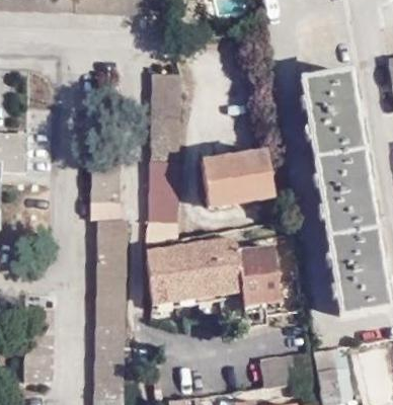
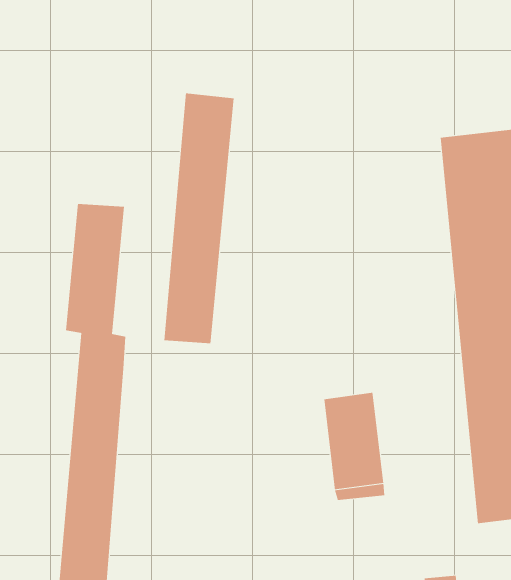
building: [199,151,270,206] -> none
building: [143,229,245,302] -> none

